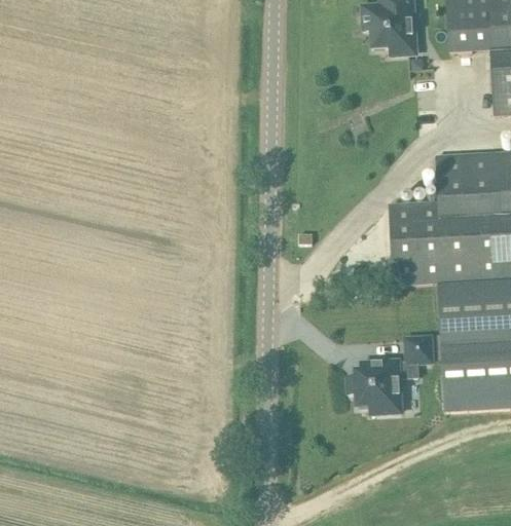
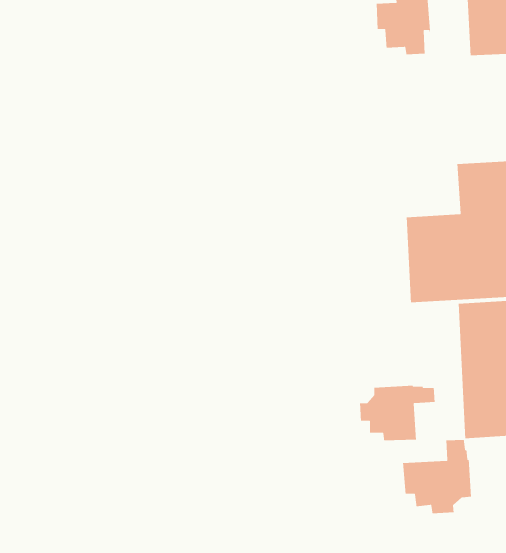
building: [407,336,433,362] -> none
building: none -> [402,439,472,514]

